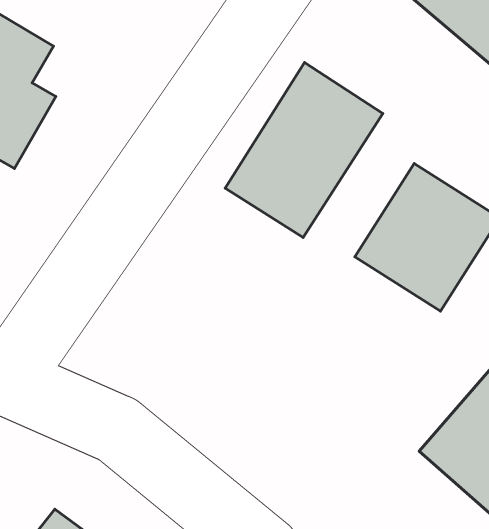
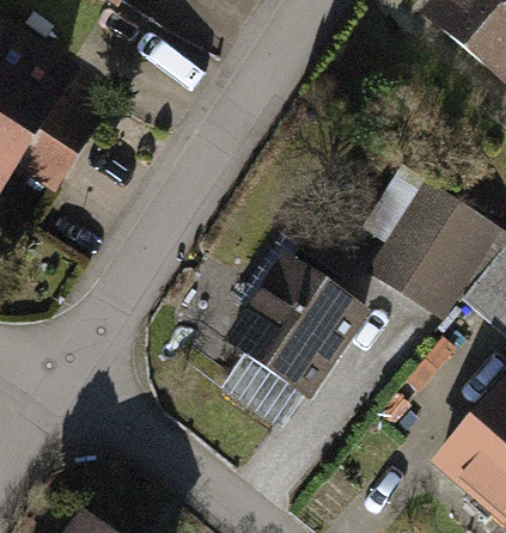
building: [225,62,383,238] -> none
building: none -> [221,253,365,397]

